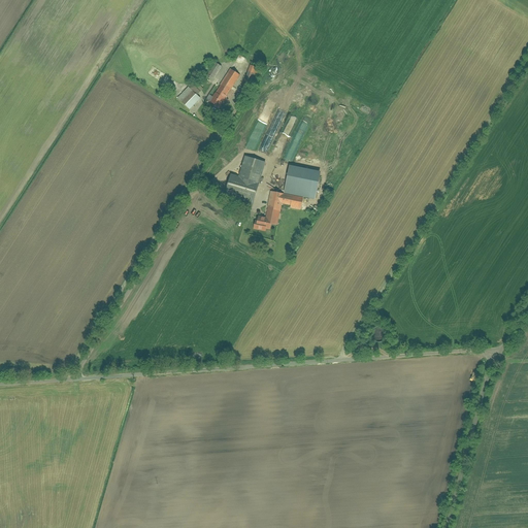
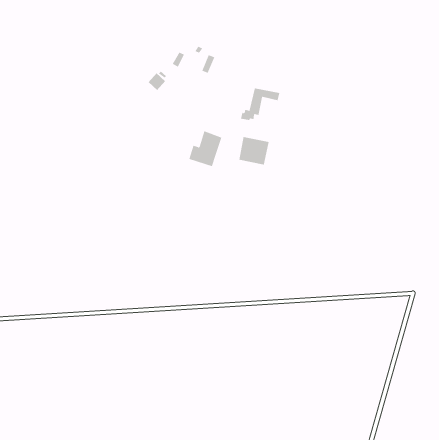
building: [205,68,238,107] -> none
building: [253,191,300,230] -> [240,88,280,121]

